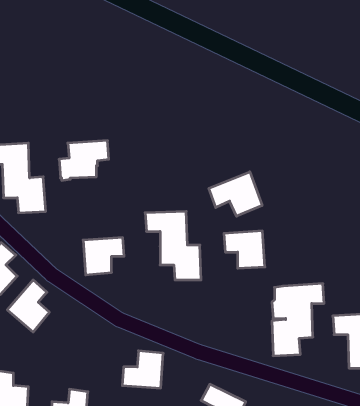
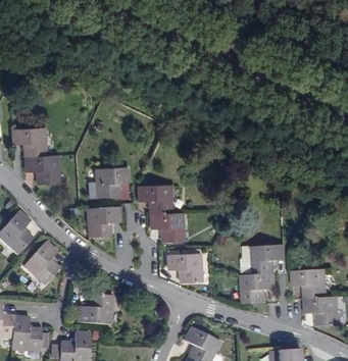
building: [59,141,109,180] -> [85,168,126,201]
building: [209,172,262,216] -> none
building: [224,231,265,268] -> [168,252,202,282]
building: [122,351,163,388] -> [79,293,112,323]

